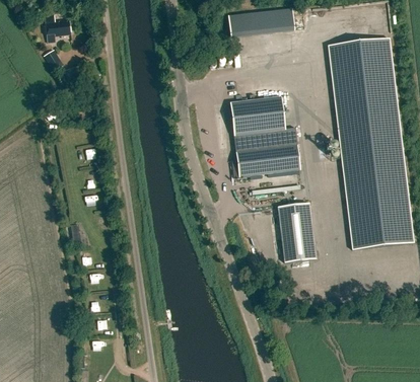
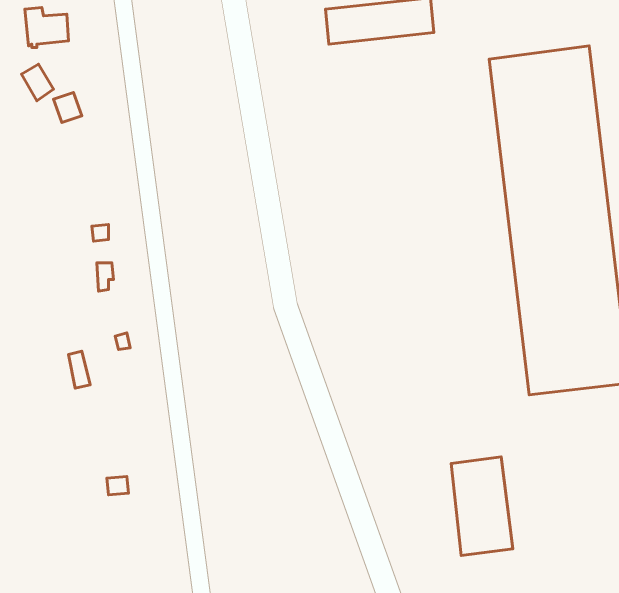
building: [230,93,299,178] -> none
building: [278,203,316,262] -> [451,457,513,555]

